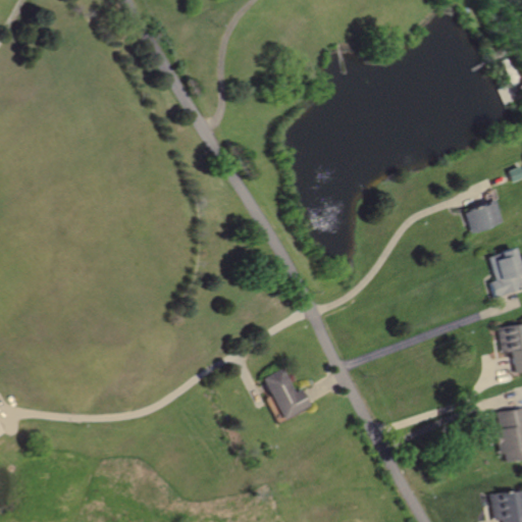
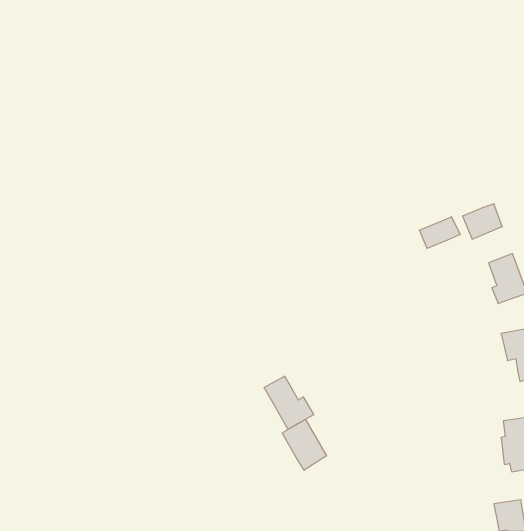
building: none -> [419,217,460,248]
building: none -> [282,419,326,470]

